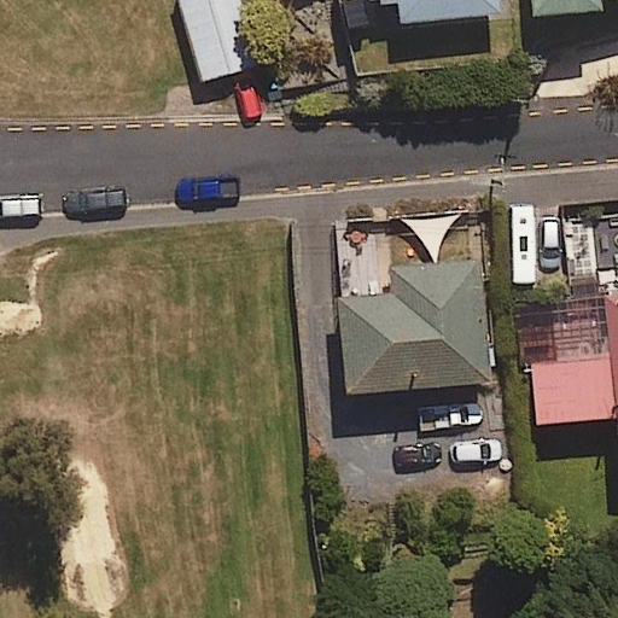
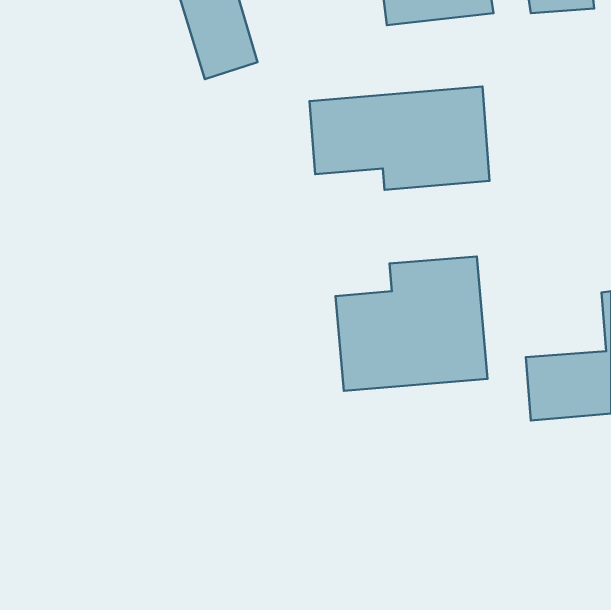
building: none -> [310,87,490,190]

